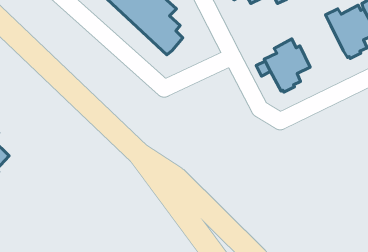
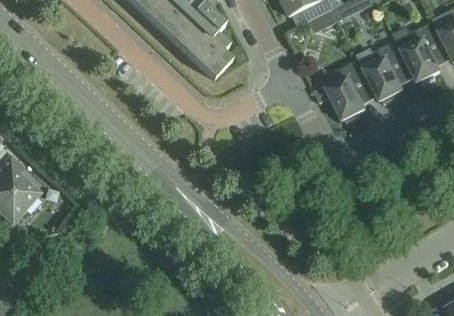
building: none -> [356,41,412,101]

